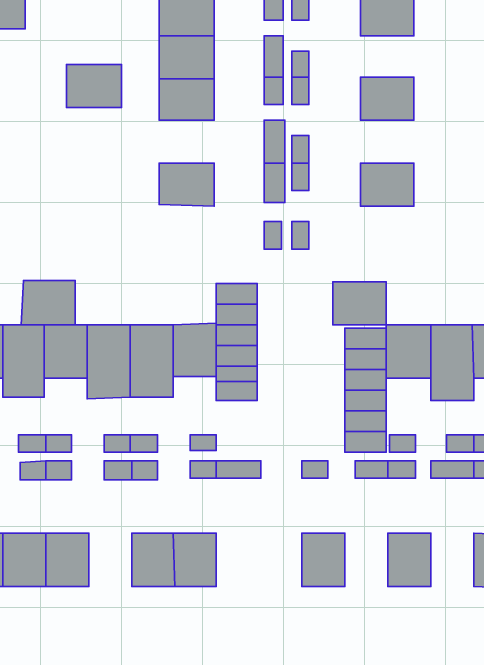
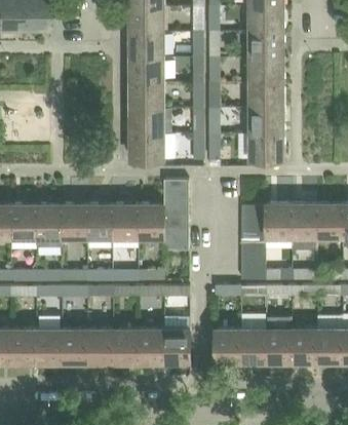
building: none -> [249,32,281,56]
building: [66,65,121,108] -> [129,82,162,108]
building: none -> [249,82,281,108]
building: none -> [129,132,162,159]
building: [21,281,75,325] -> none
building: [333,282,386,325] -> [249,133,281,159]
building: none -> [240,314,266,360]
building: none -> [292,318,317,360]
building: none -> [87,329,113,360]
building: none -> [163,329,190,360]

